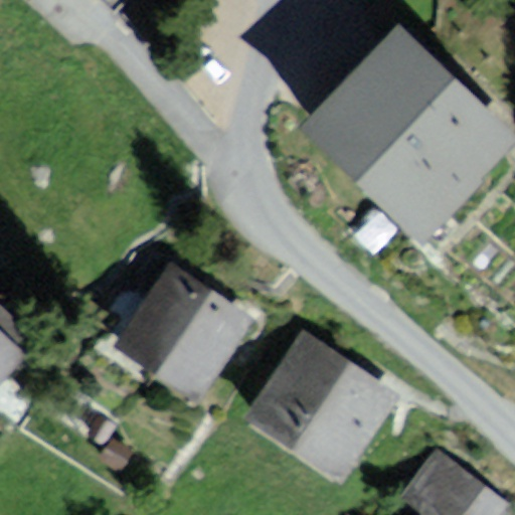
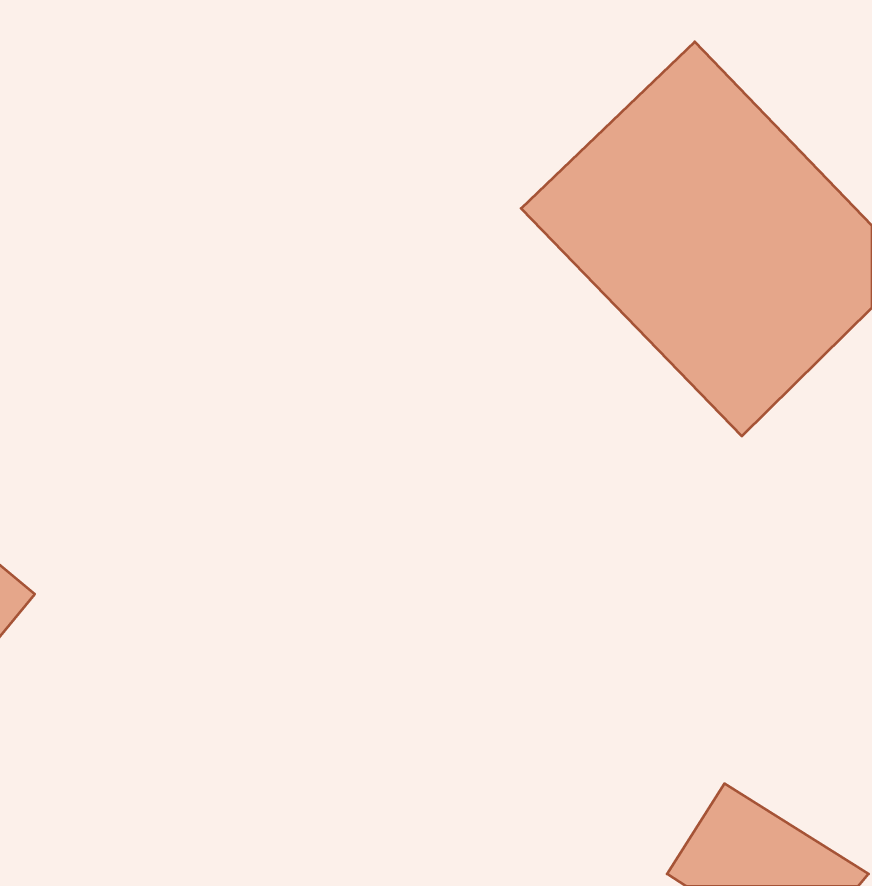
building: [121,266,255,396] -> none
building: [250,338,387,465] -> none

